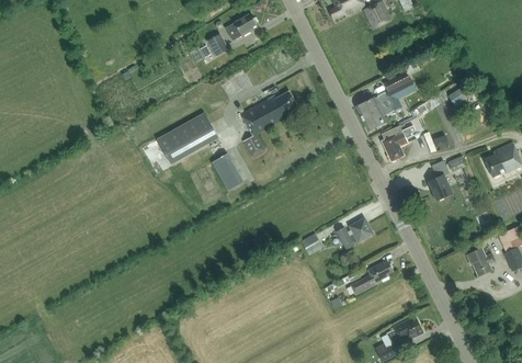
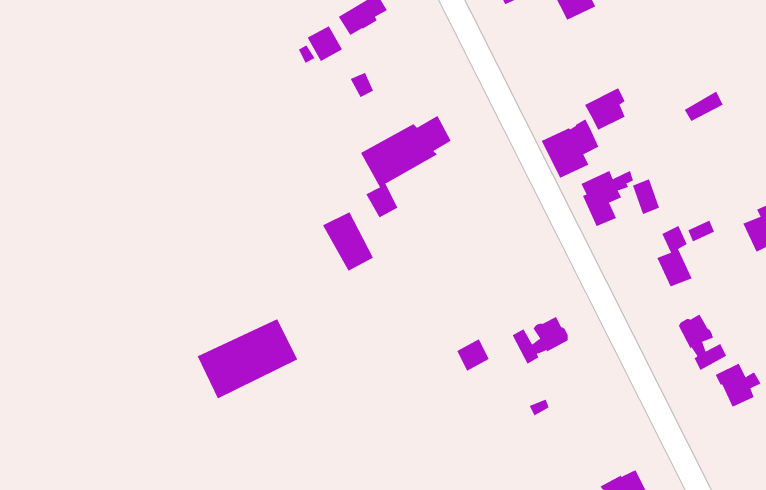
building: [161,110,226,161] -> [197,318,298,399]
building: none -> [678,314,727,371]
building: [351,261,393,294] -> none

